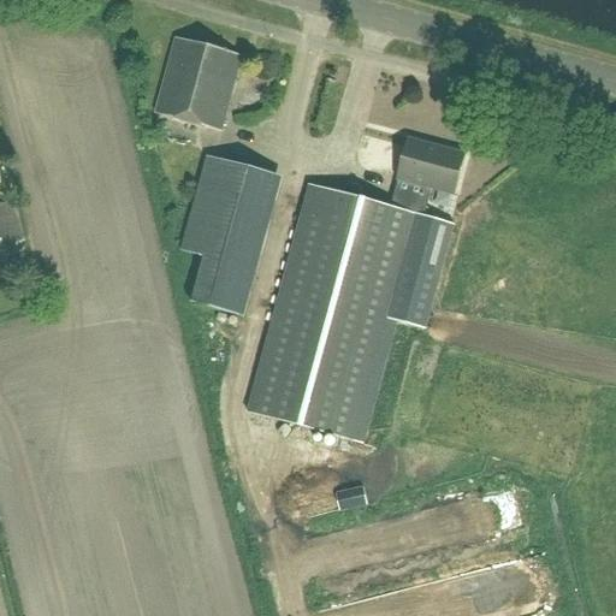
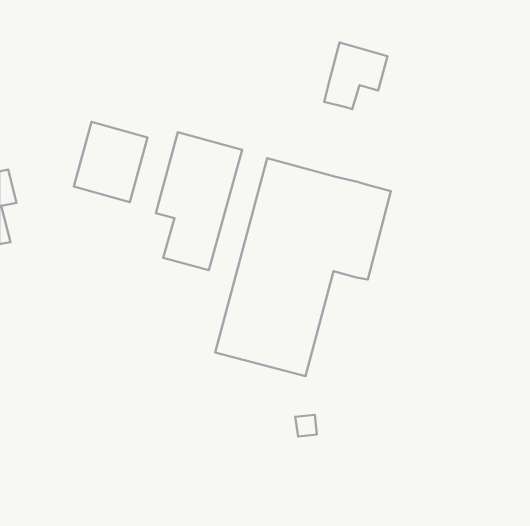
building: [154,37,239,130] -> [74,122,148,202]
building: [389,136,462,213] -> [324,43,387,109]

